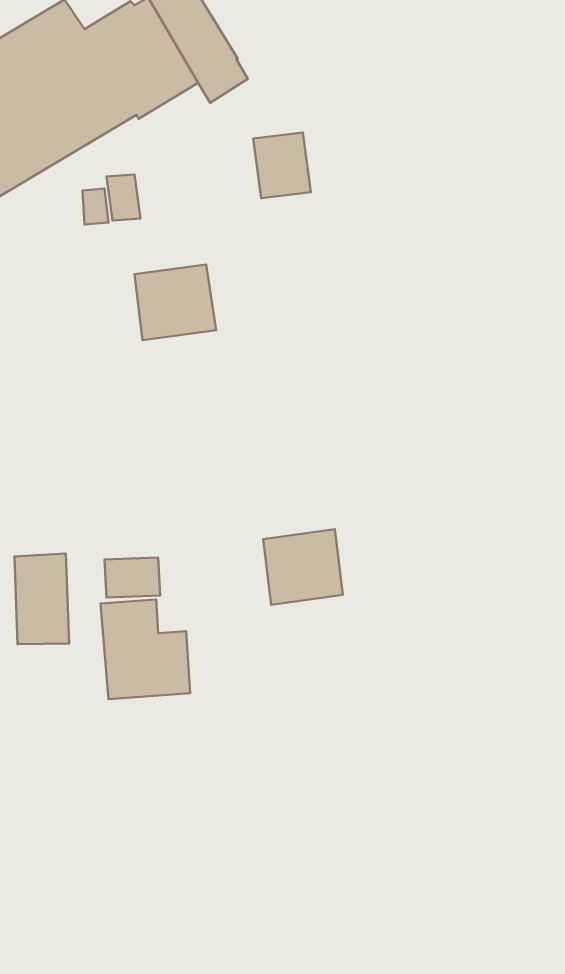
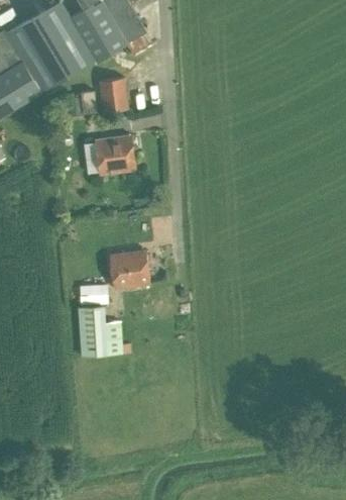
building: [253,132,311,198] -> [99,78,128,111]
building: [263,529,343,605] -> [109,249,149,288]
building: [14,554,69,644] -> none

